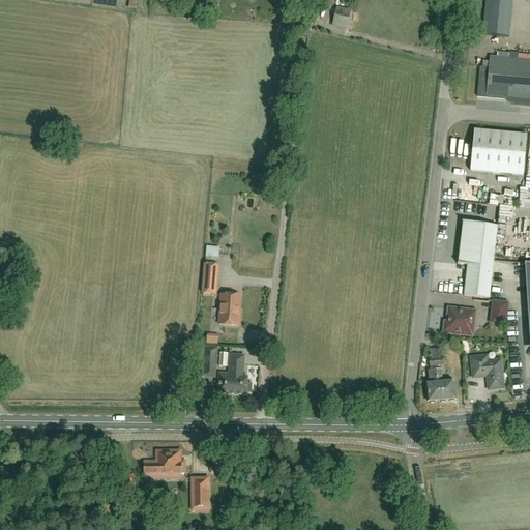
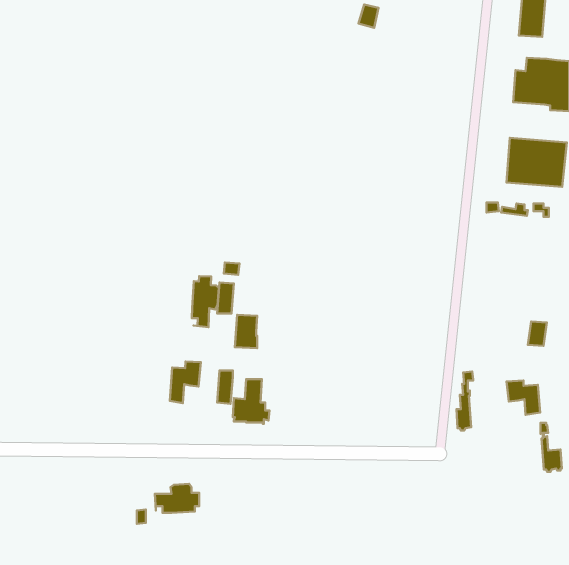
building: [458,219,497,296] -> none
building: none -> [192,276,219,327]
building: [444,306,475,333] -> none
building: none -> [170,361,201,403]
building: [435,354,454,400] -> [541,423,562,472]
building: [192,480,209,508] -> none

